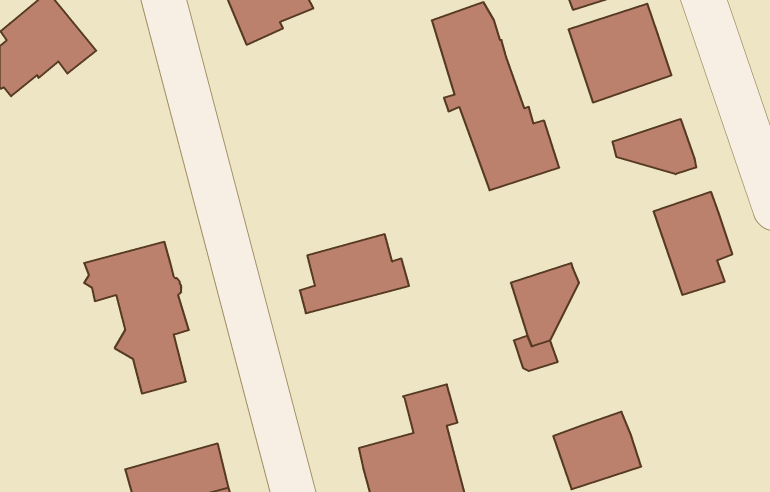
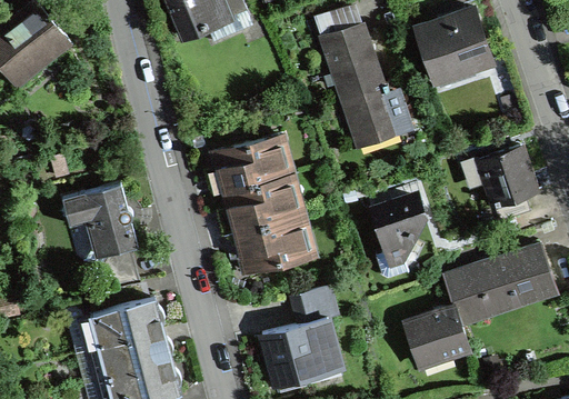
building: [613,119,696,174] -> none
building: none -> [210,138,289,196]
building: none -> [224,216,306,272]
building: none -> [445,243,558,325]
building: none -> [88,285,160,350]

